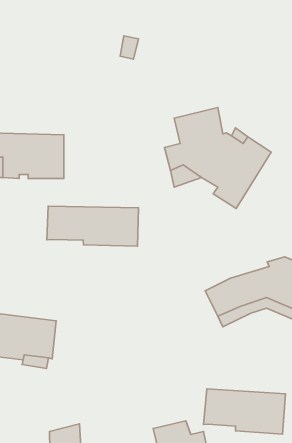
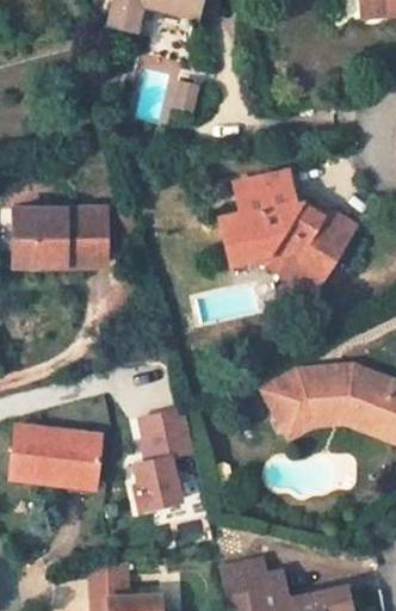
building: [47,206,139,246] -> none
building: none -> [125,409,192,518]
building: [204,389,286,434] -> none

